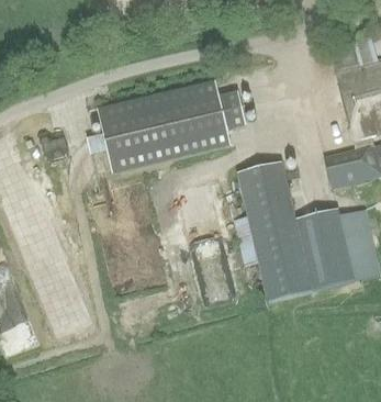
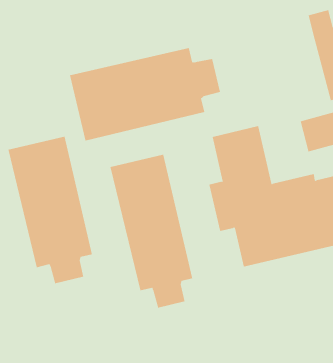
building: none -> [8,136,93,284]
building: none -> [110,154,193,309]

